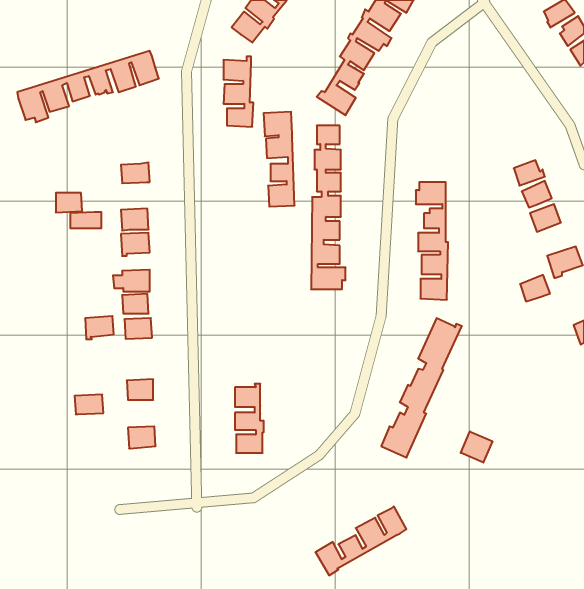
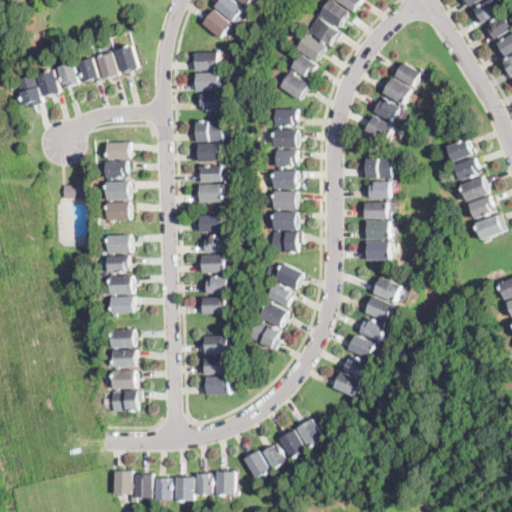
building: none -> [364,62,421,141]
building: [264,112,295,207] -> [194,121,221,203]
building: [56,193,82,212] -> [104,161,127,178]
building: none -> [198,211,227,313]
building: [520,275,550,301] -> [468,195,494,218]
building: none -> [247,264,301,350]
building: [85,316,114,339] -> [109,296,134,316]
building: [75,395,103,414] -> [111,349,136,366]
building: [461,431,492,463] -> none
building: none -> [111,390,140,411]
building: [315,506,406,575] -> [242,419,321,479]
building: none -> [113,471,236,502]

